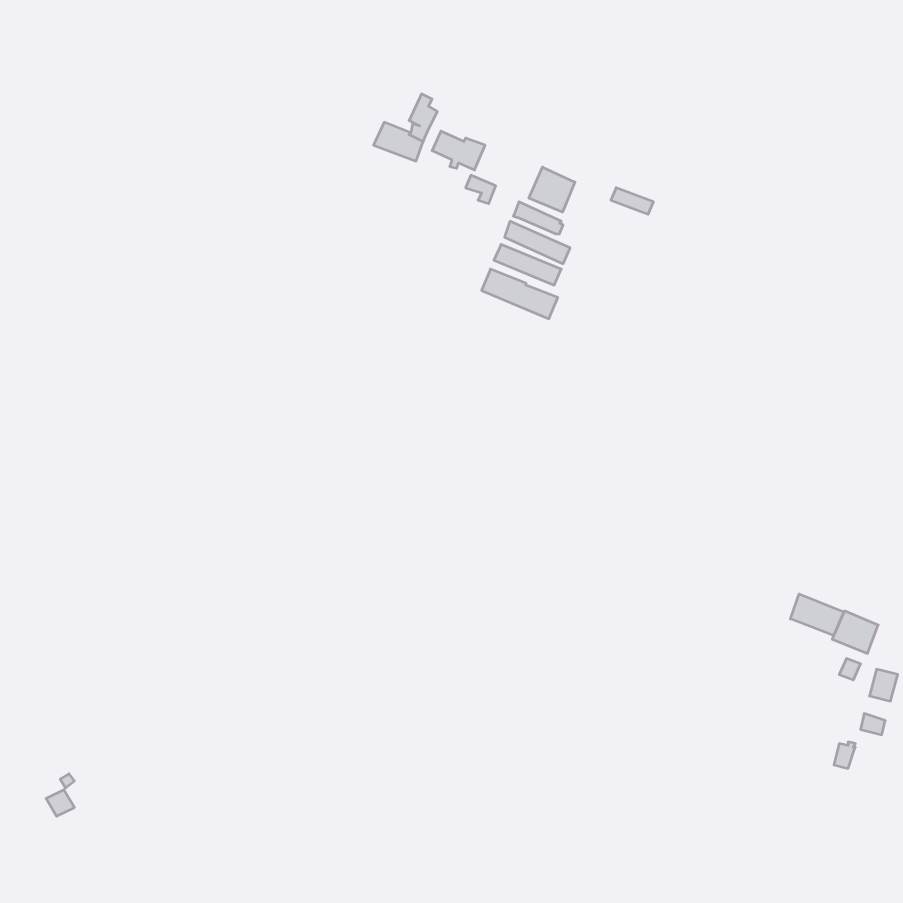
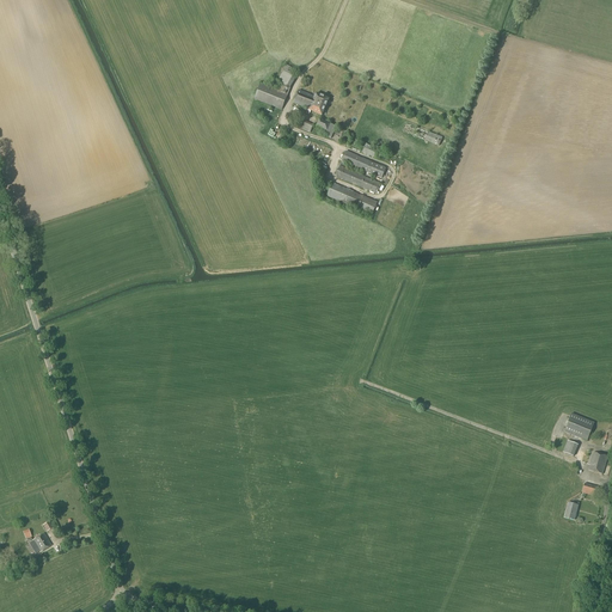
building: [529,167,575,212] -> none
building: [790,594,844,636] -> none

